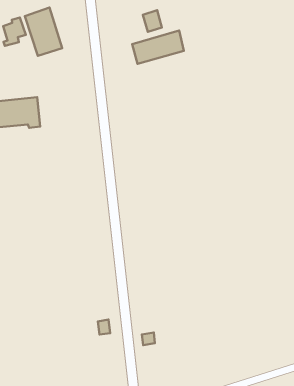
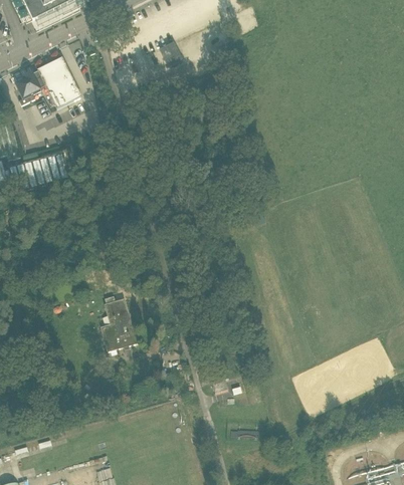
building: [132,31,184,64] -> none
building: none -> [102,298,139,350]

